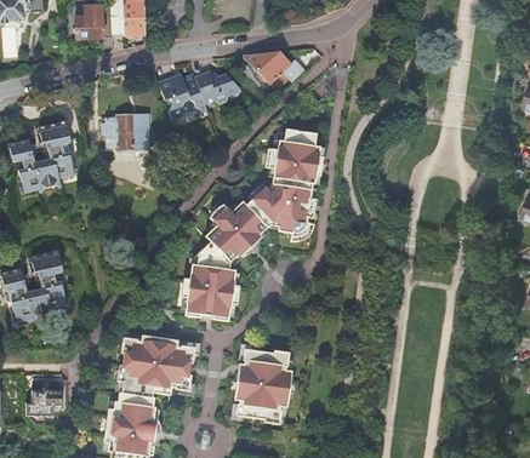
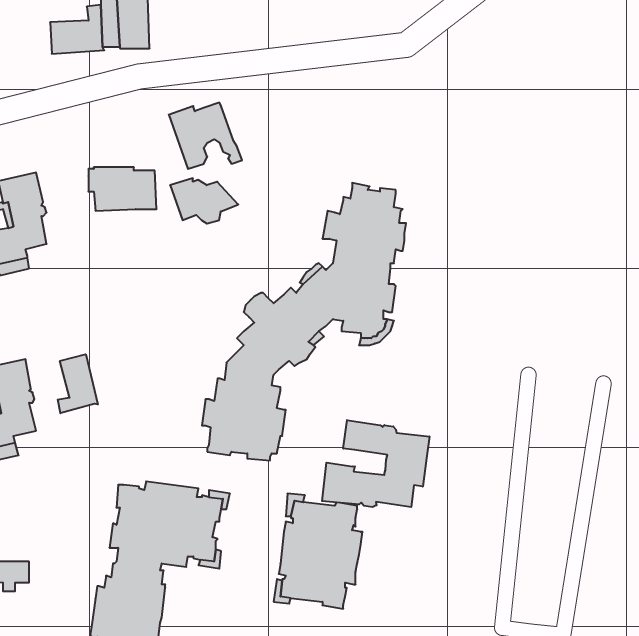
building: [243,52,303,91] -> none
building: [194,70,241,102] -> [170,178,238,224]
building: none -> [58,354,98,413]
building: none -> [322,420,429,507]

